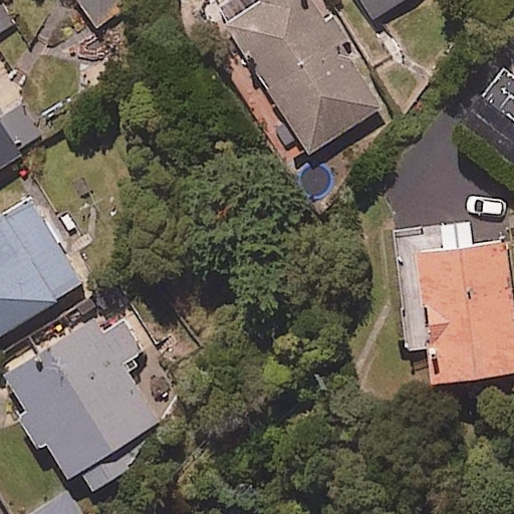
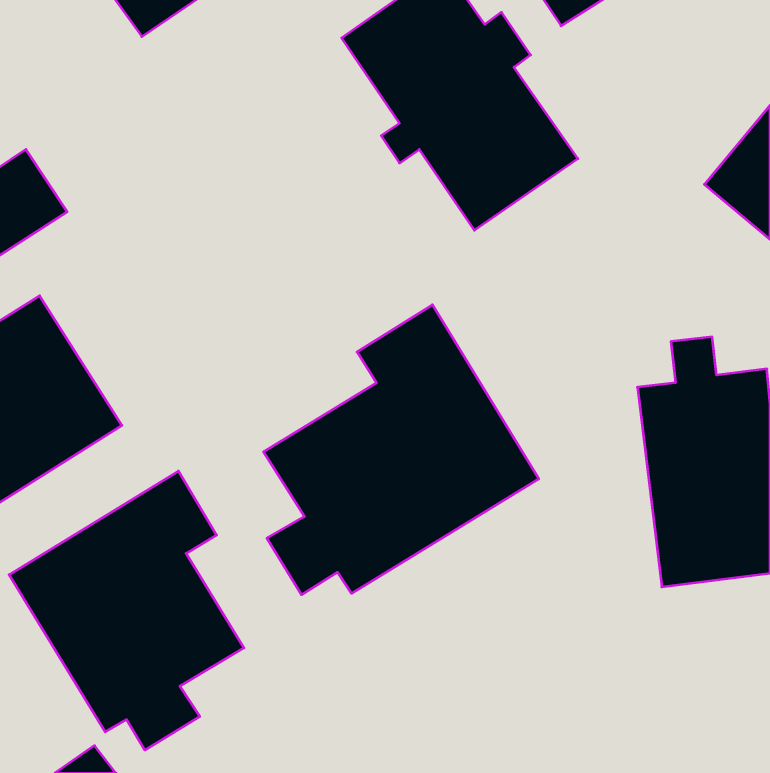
building: none -> [264,305,539,595]

